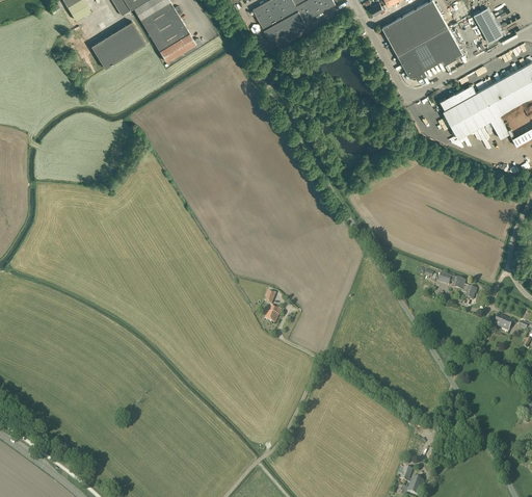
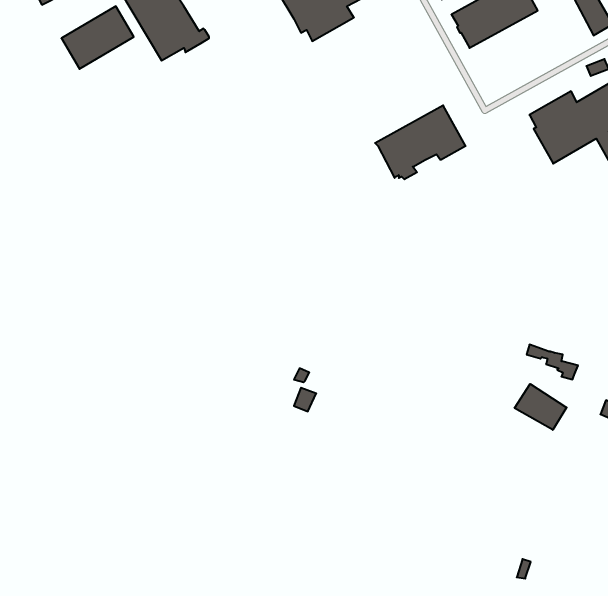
building: [396,24,463,79] -> [375,105,466,179]
building: none -> [515,384,567,430]

